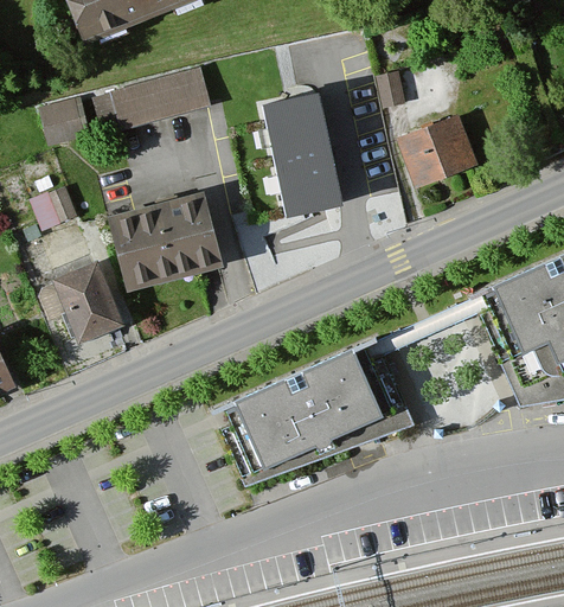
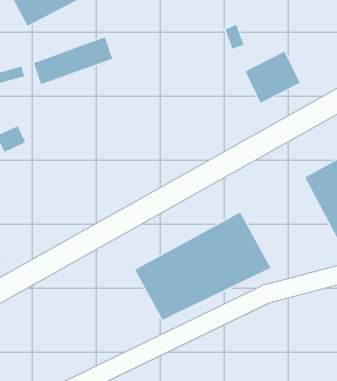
building: [264,101,339,221] -> none
building: [113,189,226,288] -> none
building: [58,261,126,338] -> none

